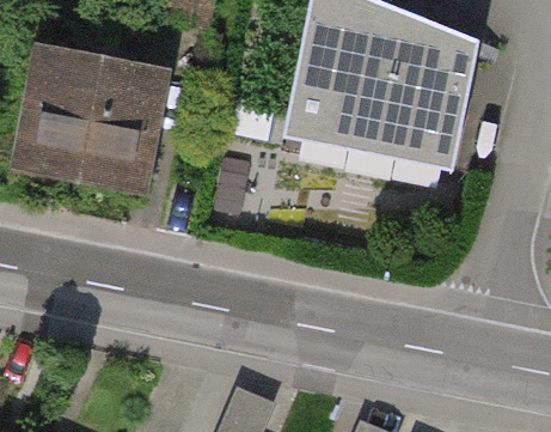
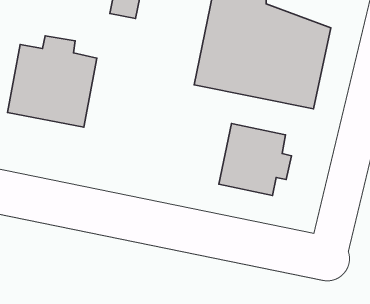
building: none -> [219,123,292,195]

